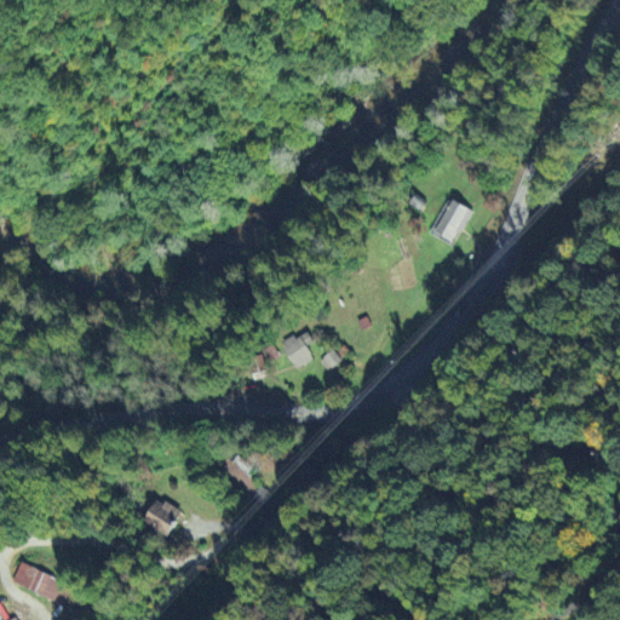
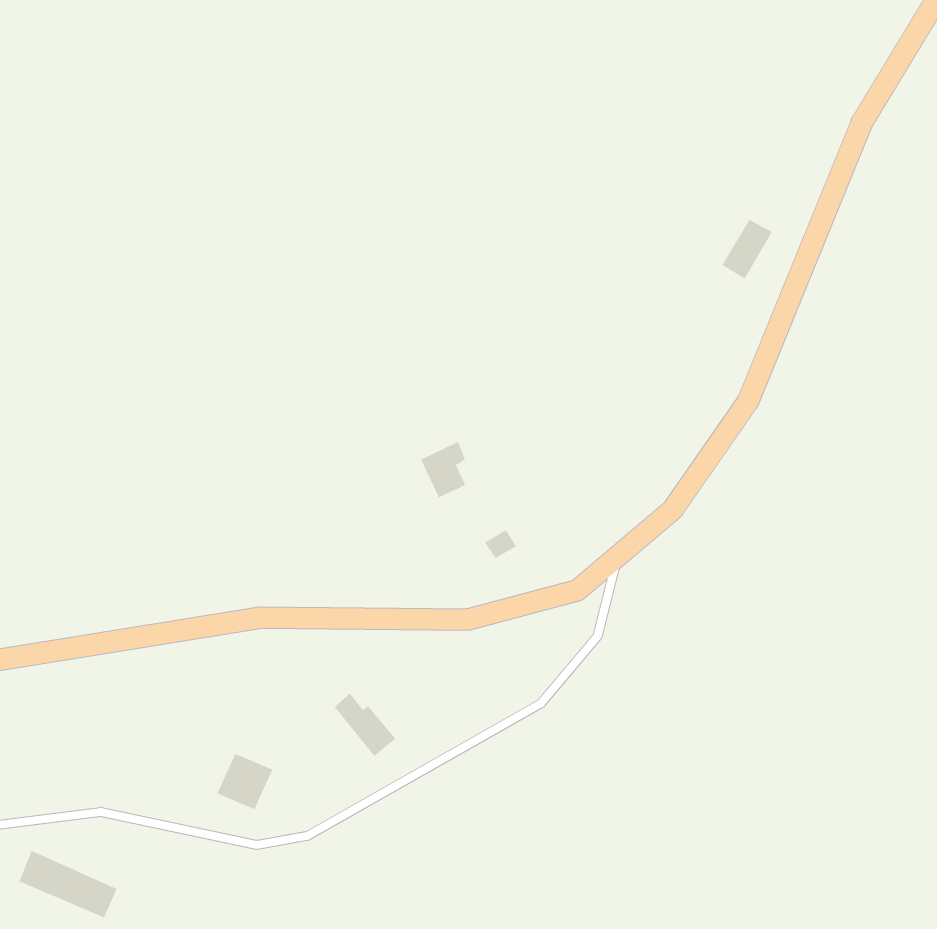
building: [434,195,467,235] -> [721,219,773,279]
building: [283,329,314,367] -> [420,441,466,498]

